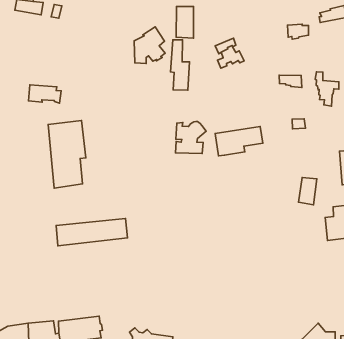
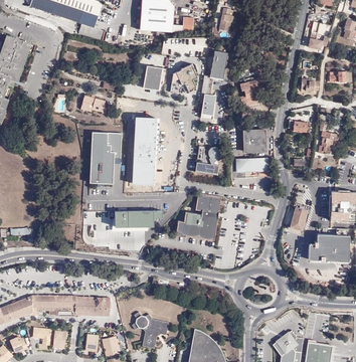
building: none -> [145,65,169,90]
building: none -> [244,133,265,154]
building: none -> [132,117,157,186]
building: none -> [175,195,221,242]

